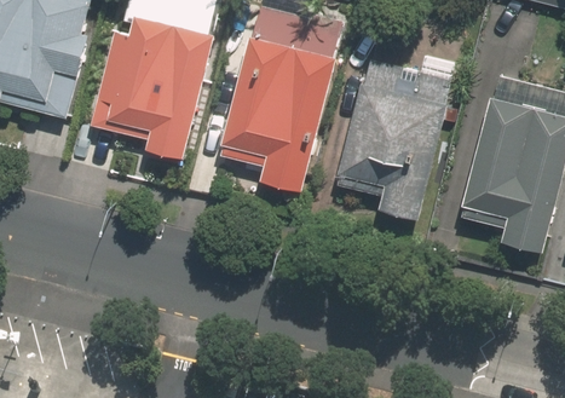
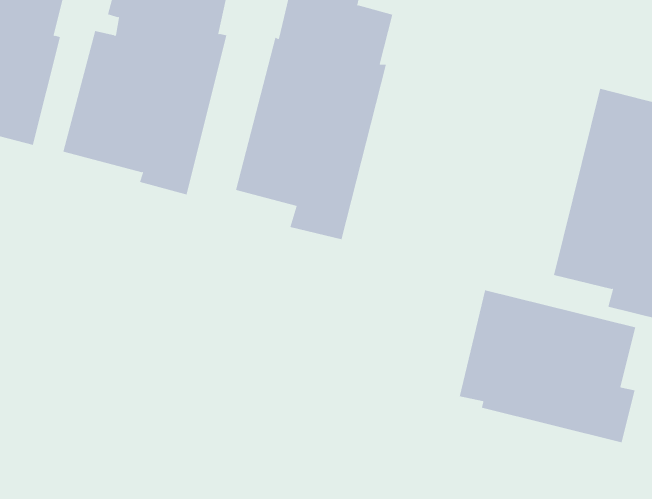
building: [335,59,454,217] -> none
building: none -> [459,289,636,443]

